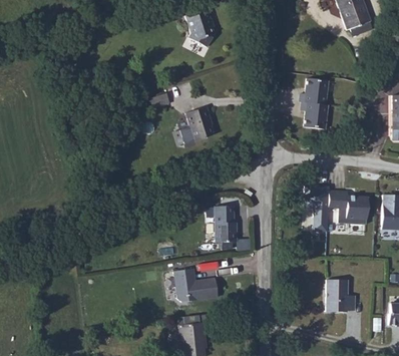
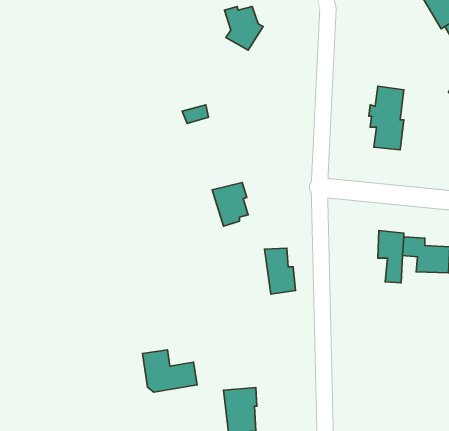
building: [185,105,215,140] -> [212,182,248,226]
building: [177,264,222,298] -> [143,350,197,392]
building: [326,279,349,312] -> none

